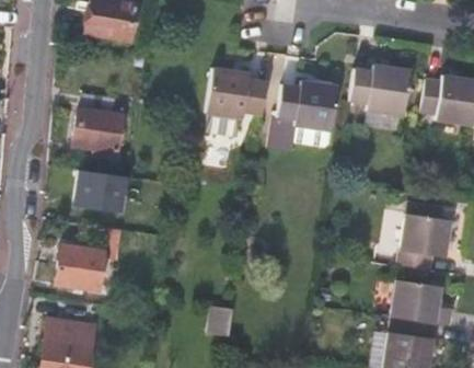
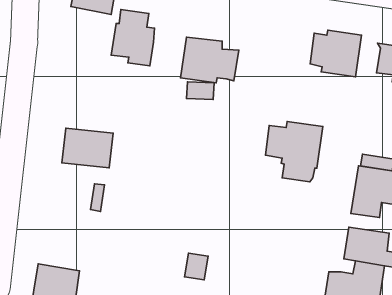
building: [275,82,338,149] -> [265,122,323,182]
building: [73,96,122,159] -> [111,10,155,66]
building: [57,249,103,290] -> none

